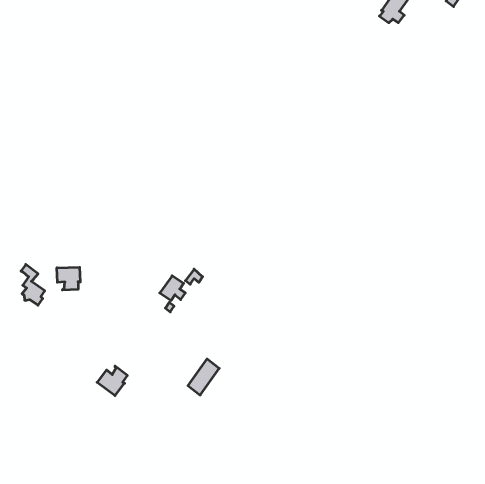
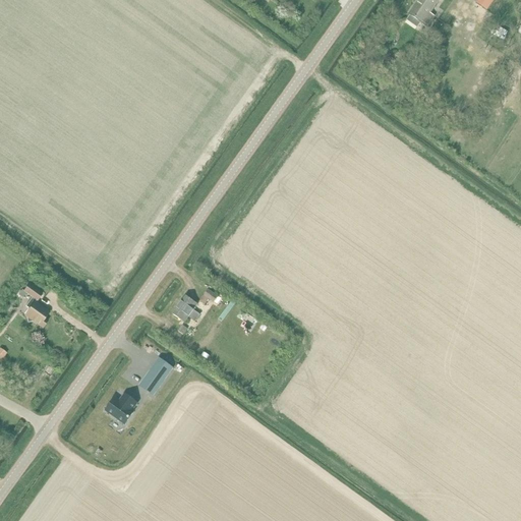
building: [57,267,80,290] -> none
building: [188,359,219,395] -> [138,356,172,395]

